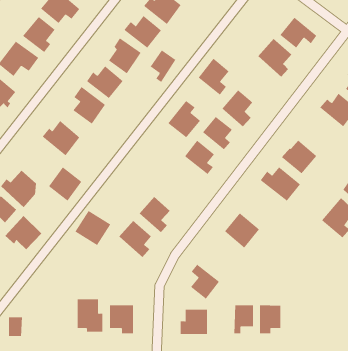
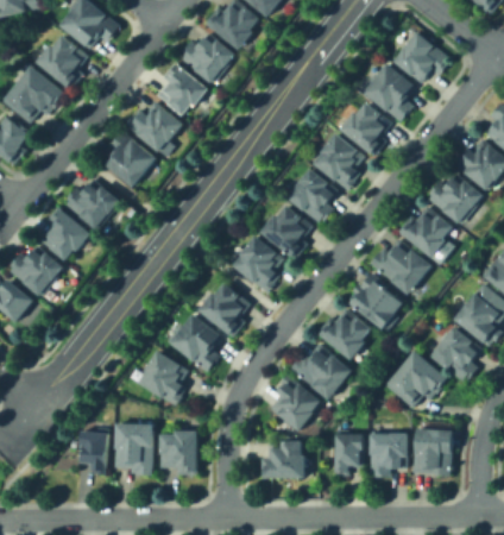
building: [150,50,176,83] -> none
building: [198,58,229,95] -> [345,101,389,153]
building: [167,100,201,138] -> none
building: none -> [429,177,478,221]
building: none -> [235,238,282,292]
building: [48,166,82,201] -> [40,214,88,263]
building: none -> [353,282,398,326]
building: [74,210,111,246] -> [138,354,189,404]
building: [4,215,42,250] -> none
building: none -> [433,329,477,380]
building: none -> [291,347,347,397]
building: none -> [385,354,443,408]
building: none -> [412,430,449,472]
building: [8,317,23,337] -> [86,435,106,462]

